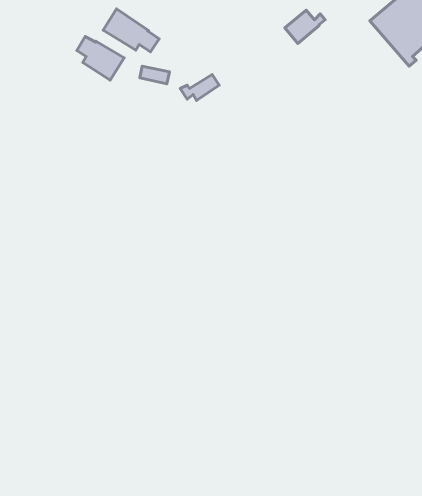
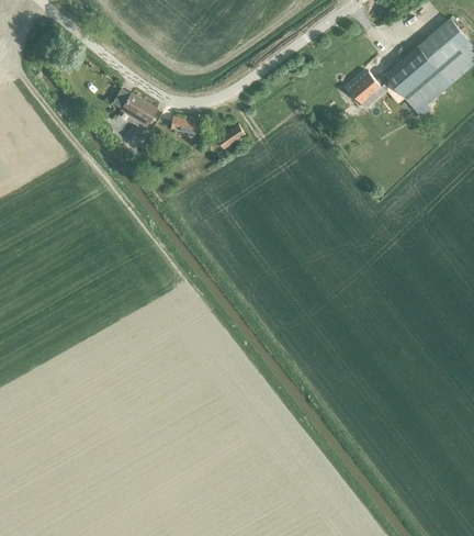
building: [103,9,159,52] -> none
building: [285,10,325,43] -> [349,71,386,102]

